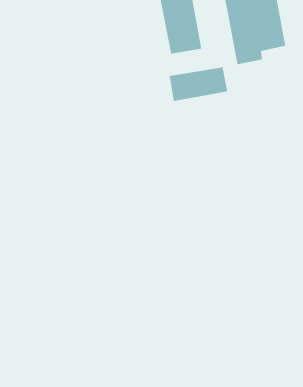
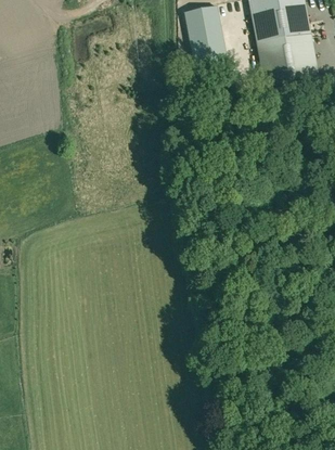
building: [169,67,228,102] -> none

